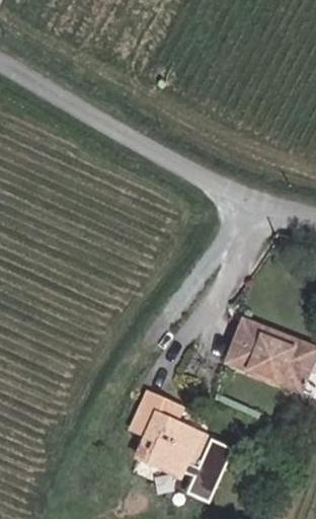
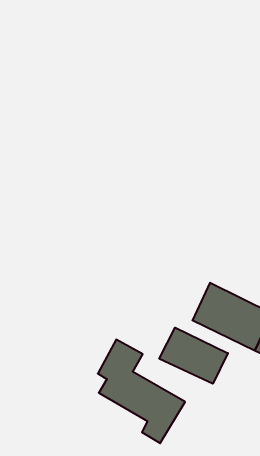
building: none -> [159,328,228,384]

